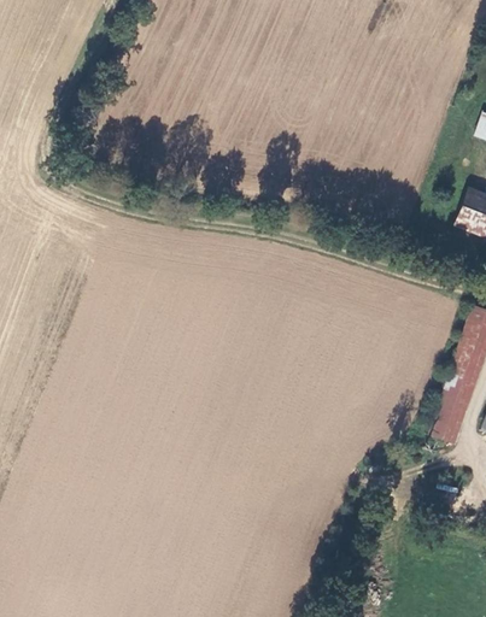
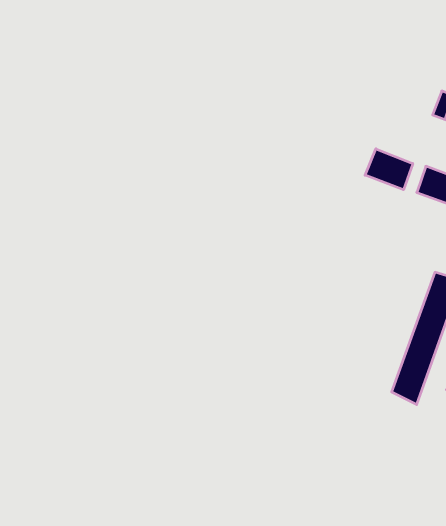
building: none -> [365,149,413,190]

